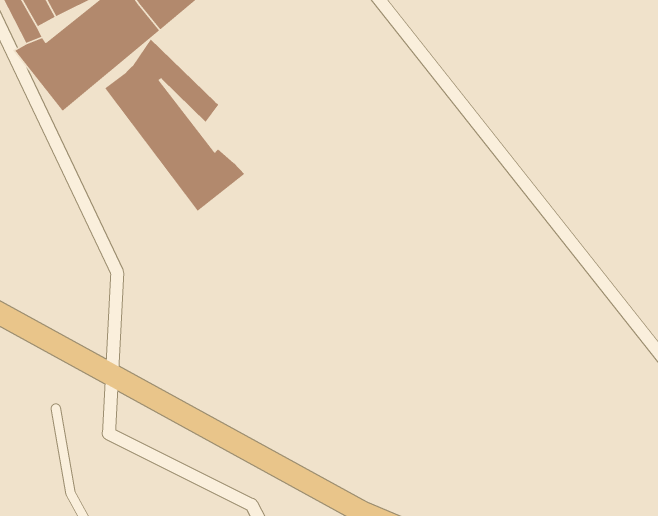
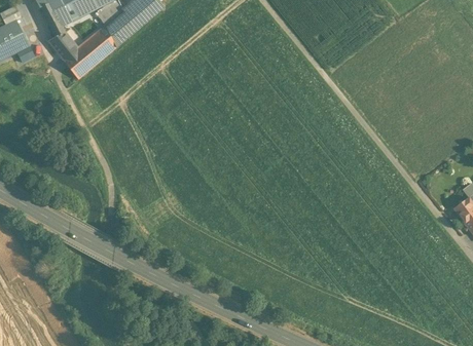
building: [104,38,245,212] -> none

